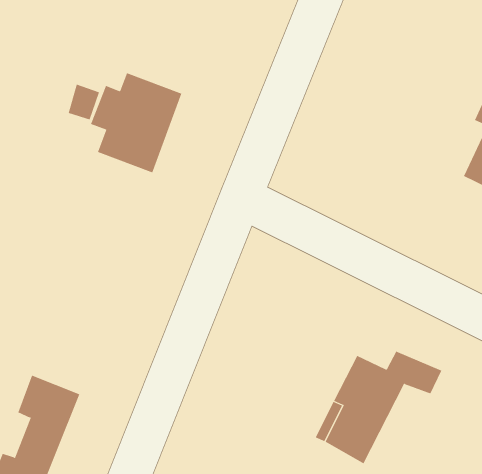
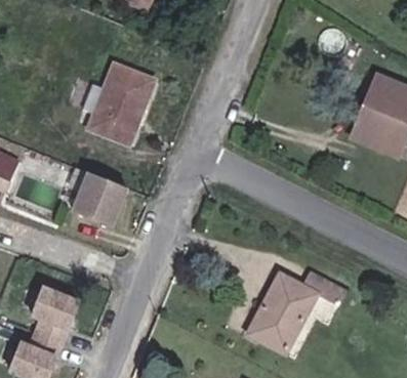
building: none -> [70,169,123,223]

